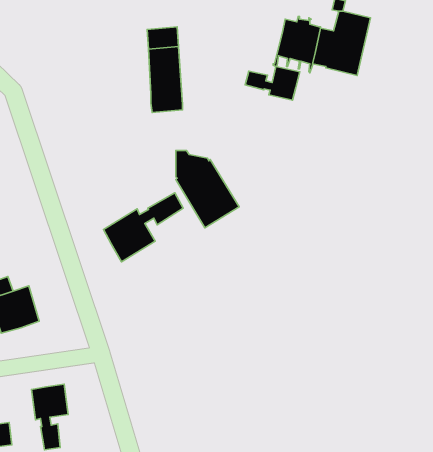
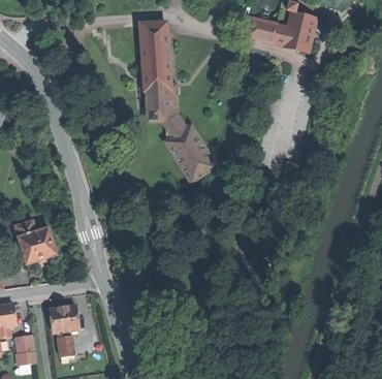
building: [245,66,300,100] -> none
building: none -> [146,84,178,121]
building: [103,193,183,262] -> none

